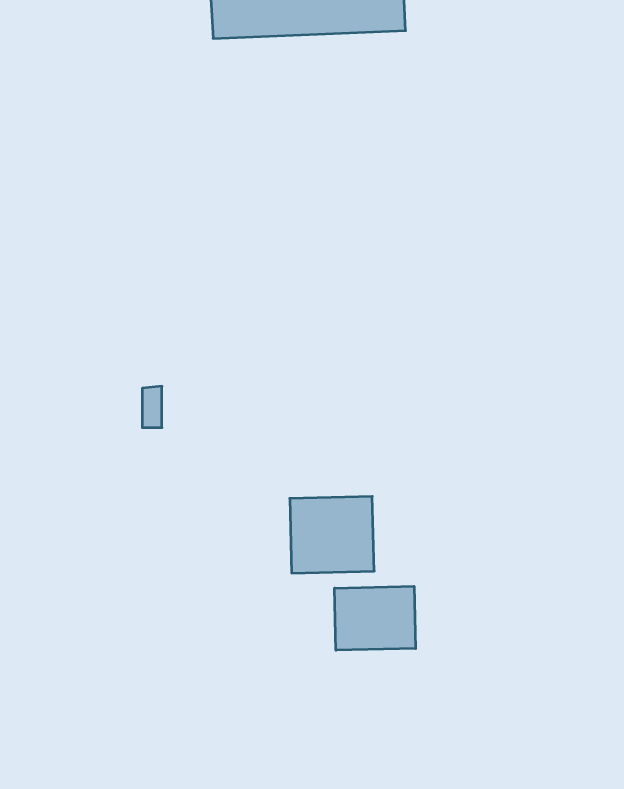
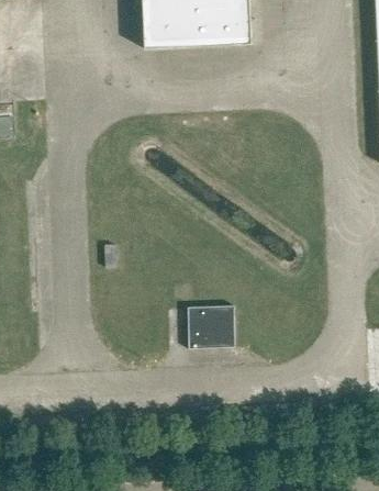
building: [335,586,416,650] -> none

